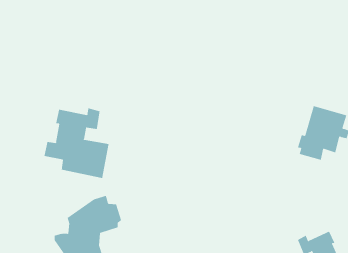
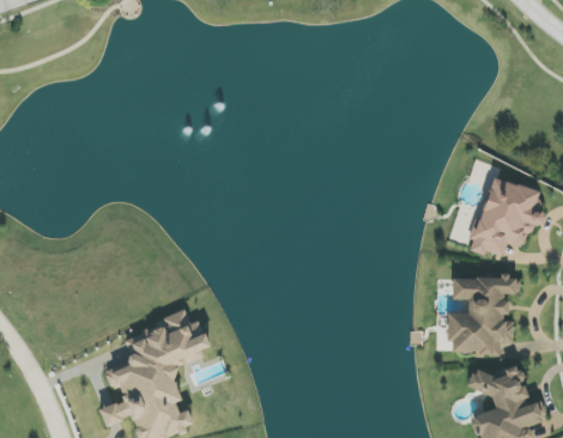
building: [44,107,109,179] -> none
building: none -> [447,272,517,355]

